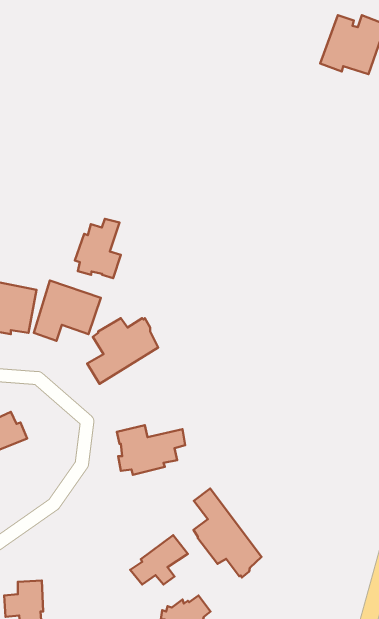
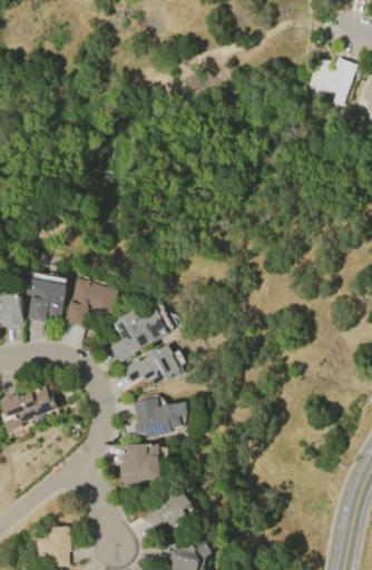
building: [75,219,121,278] -> none
building: none -> [123,344,183,385]
building: none -> [121,443,159,484]
building: [193,488,261,578] -> none

